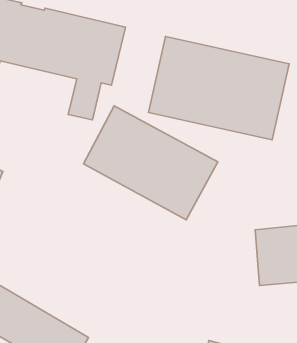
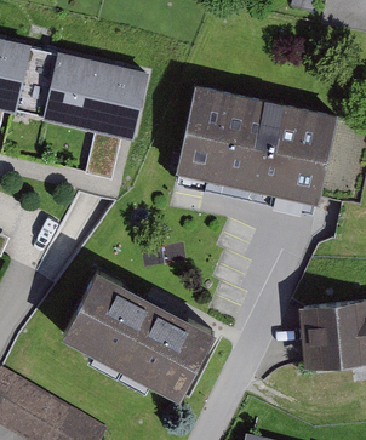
building: [84,106,218,220] -> [61,269,215,400]

